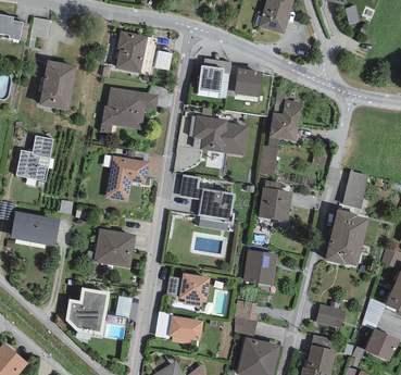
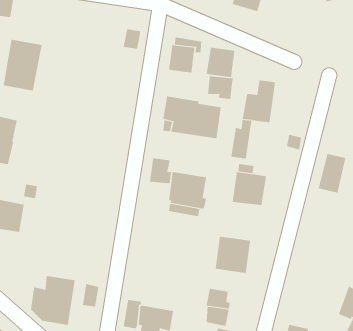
building: [115,30,156,74] -> none
building: [99,86,159,136] -> none
building: none -> [208,76,233,100]
building: [105,154,150,201] -> none
building: [325,209,368,265] -> none
building: [93,227,136,268] -> none
building: [166,272,210,307] -> none
building: [315,303,344,327] -> none

